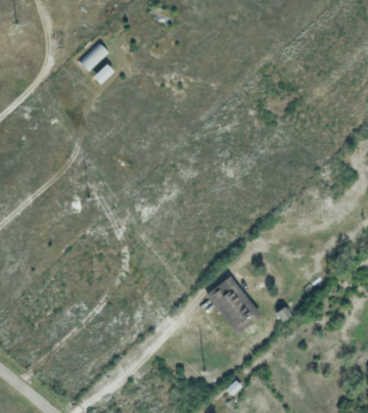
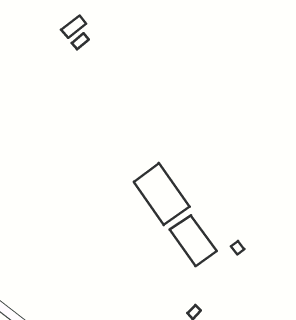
building: none -> [134,163,190,225]

